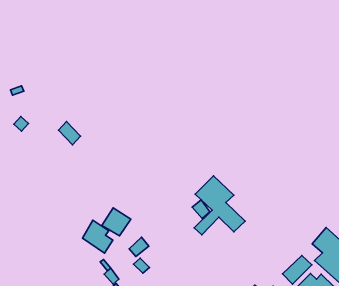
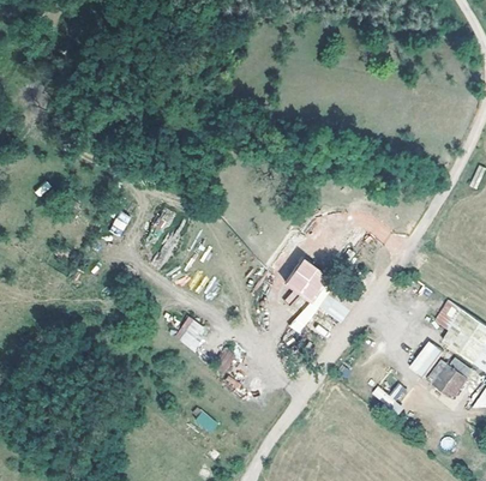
building: [82,220,113,253] -> none

